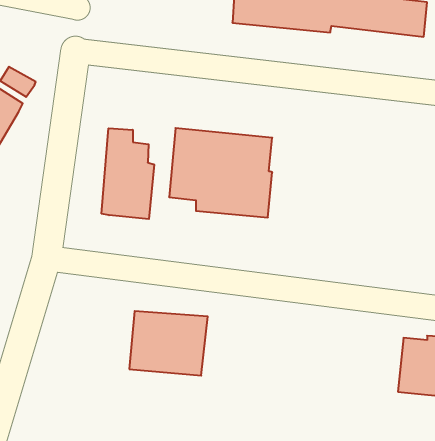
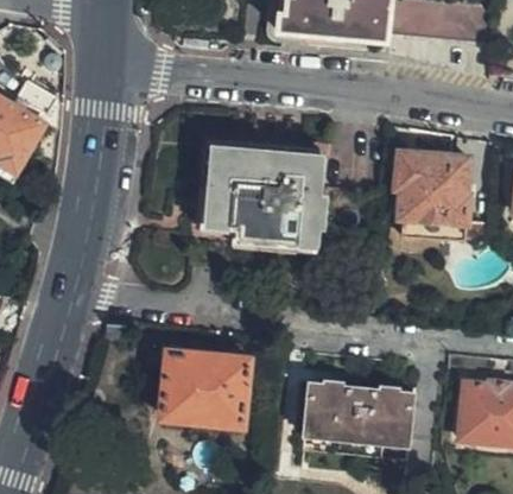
building: [102,128,154,219] -> none
building: none -> [394,151,464,236]
building: none -> [308,379,412,437]

